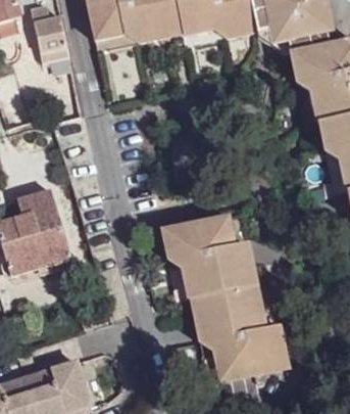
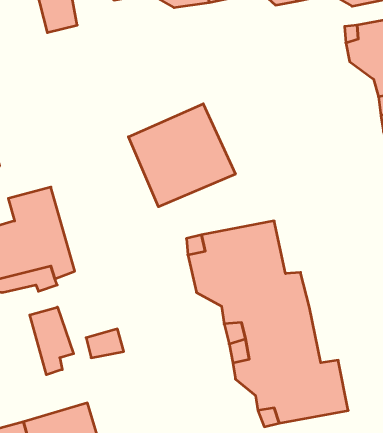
building: none -> [128,104,235,207]
building: none -> [30,307,74,375]

